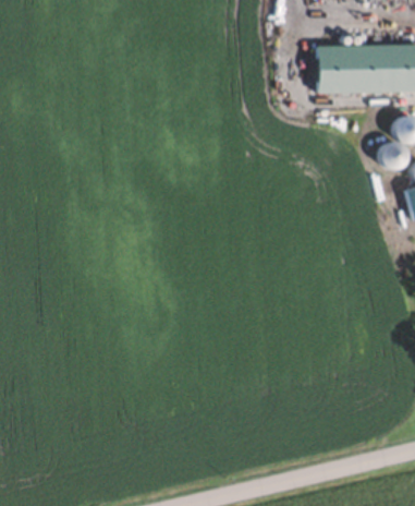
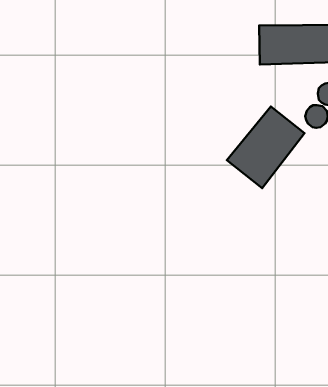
building: none -> [227,106,304,188]

